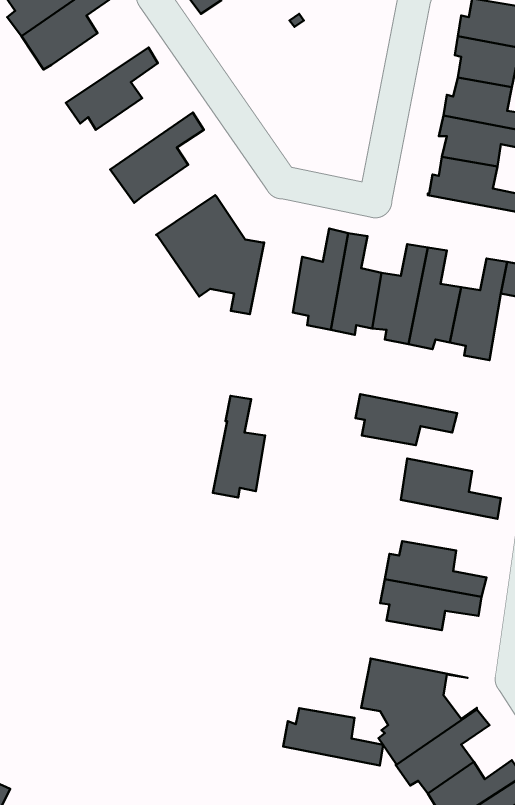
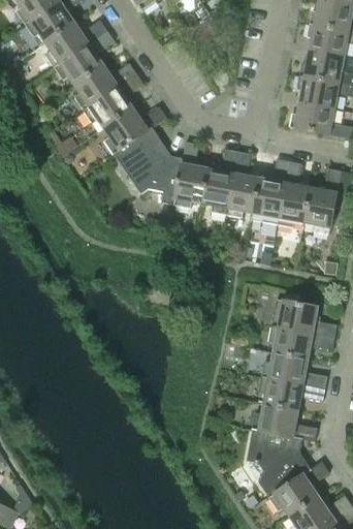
building: none -> [44,20,107,67]
building: none -> [73,63,136,111]
building: none -> [103,106,166,155]
building: [355,394,457,445] -> [268,325,334,359]
building: [213,396,265,498] -> [173,142,207,208]
building: [283,708,383,765] -> [252,404,317,441]

